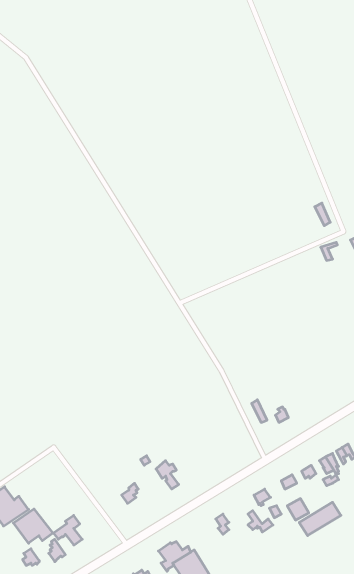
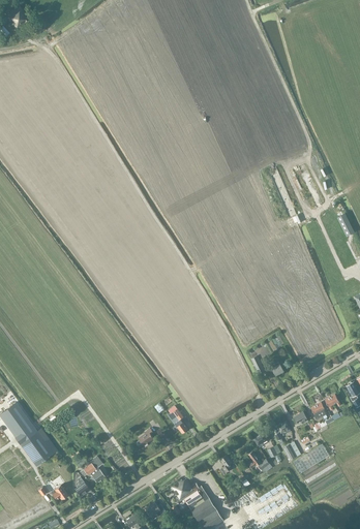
building: [13,509,53,543] -> none

